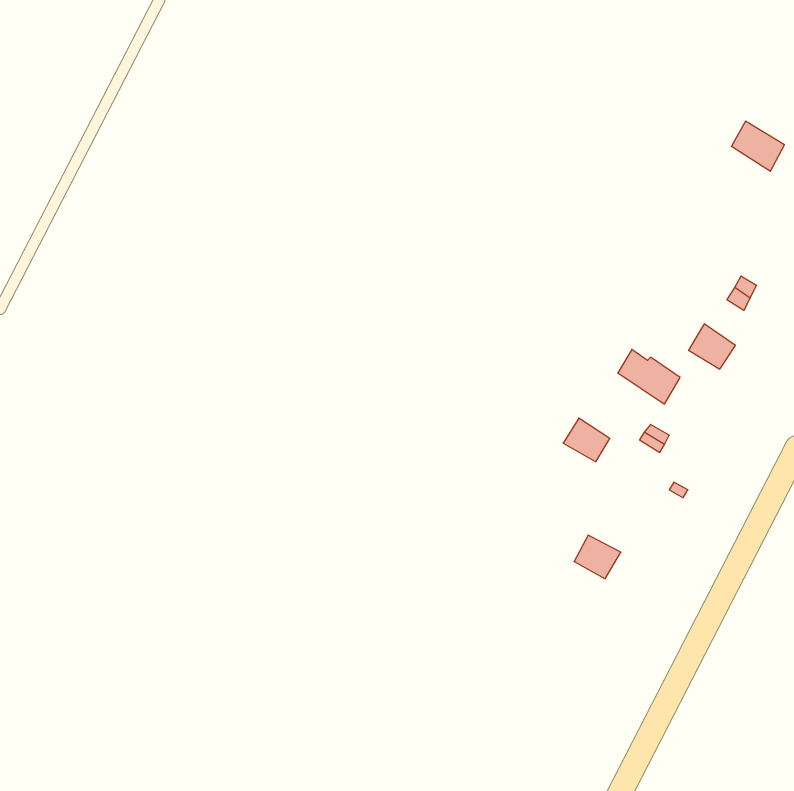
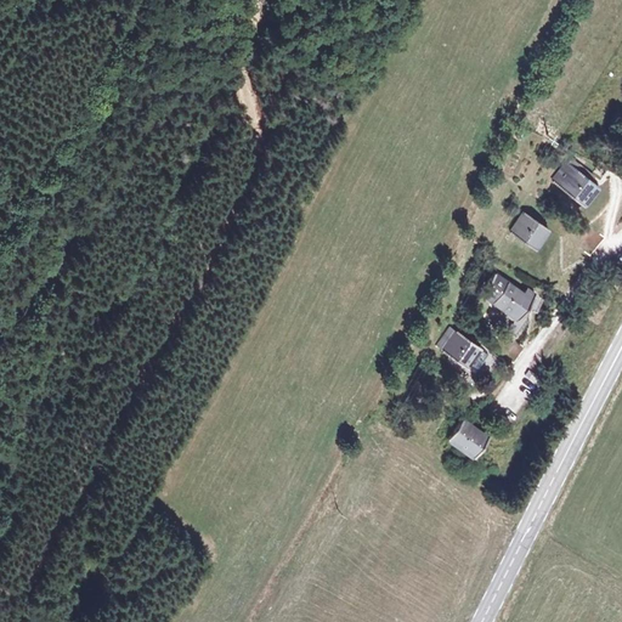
building: [731,121,784,171] -> [558,166,599,205]
building: [689,324,735,369] -> [513,215,549,250]

